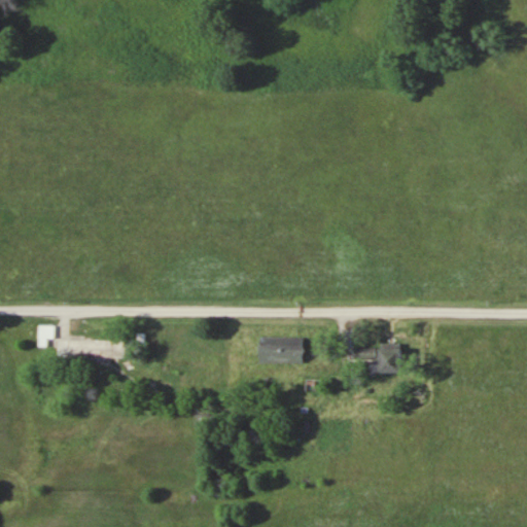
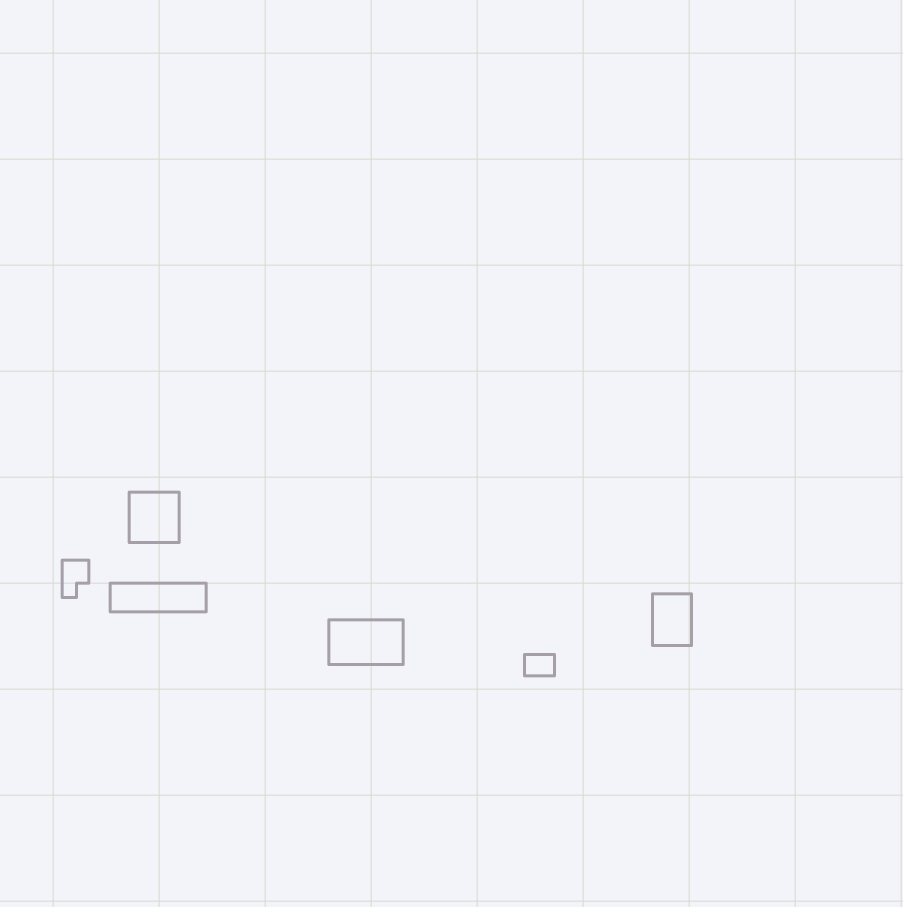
building: none -> [129,492,179,542]
building: [258,338,302,363] -> [329,620,403,664]

